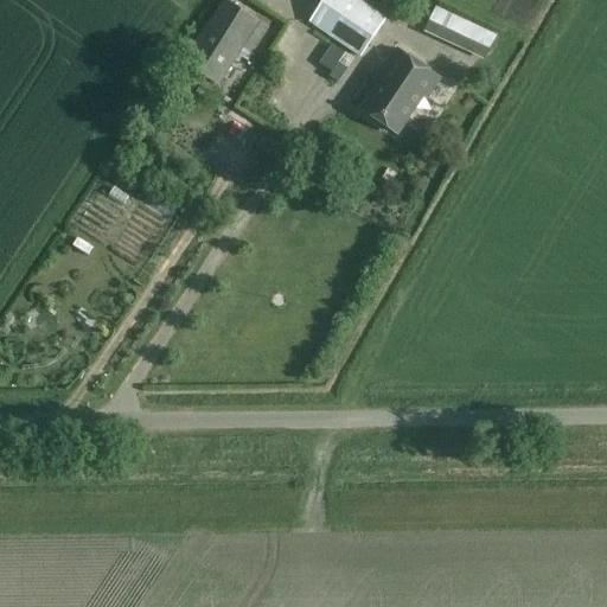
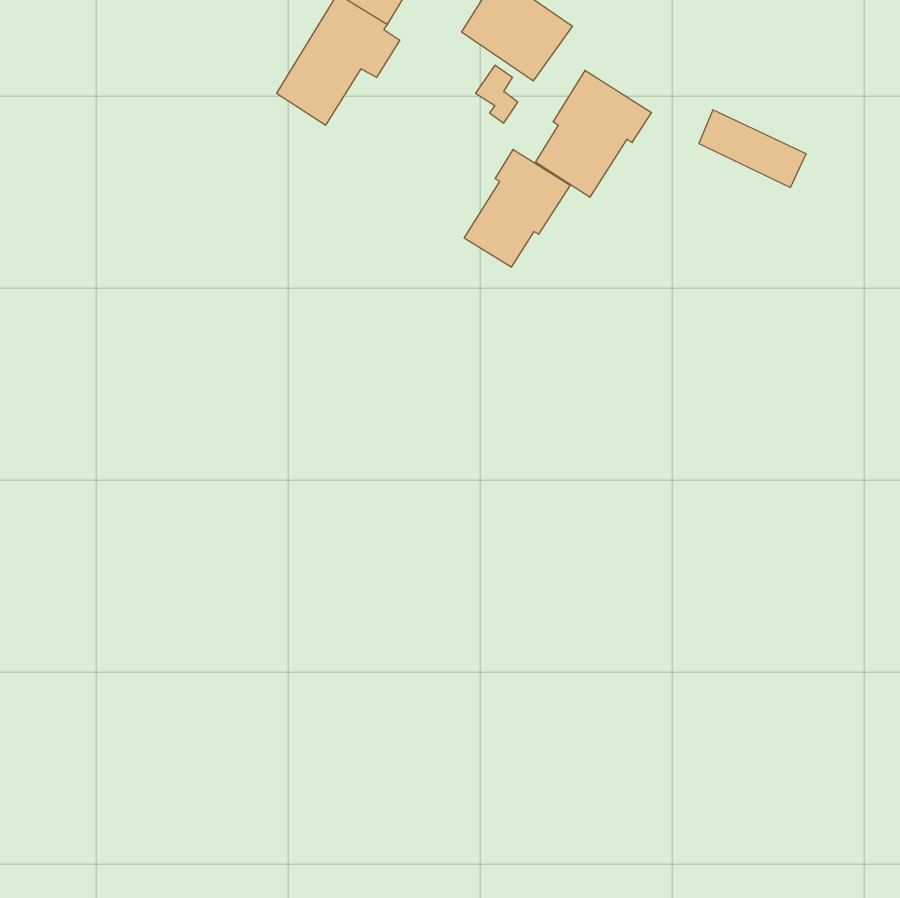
building: [426,6,498,58] -> [699,110,806,187]
building: none -> [464,149,570,267]

